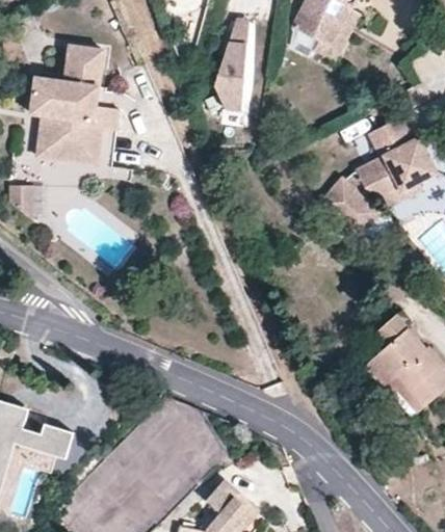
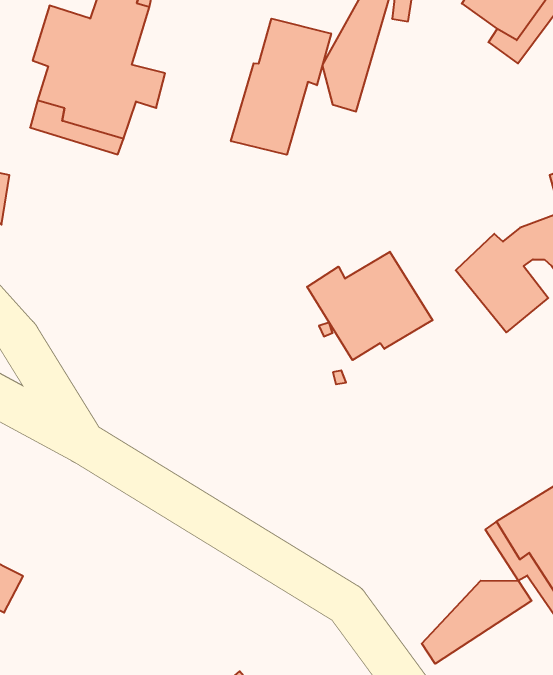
building: none -> [231,19,331,155]
building: none -> [307,252,433,360]
building: none -> [422,581,532,664]

